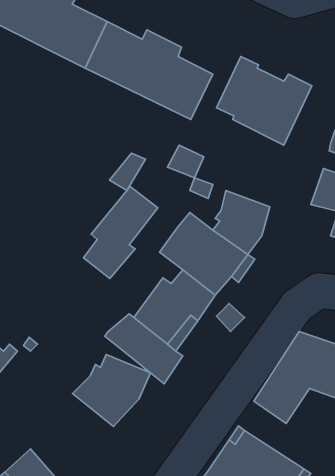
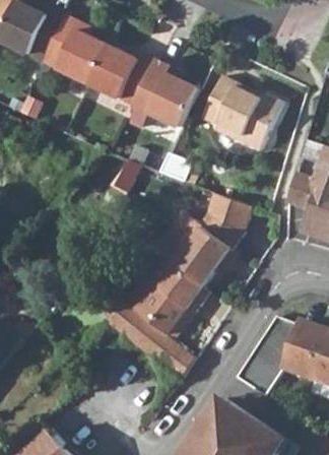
building: [84,186,158,278] -> none
building: [72,355,151,427] -> none
building: none -> [157,337,197,380]

